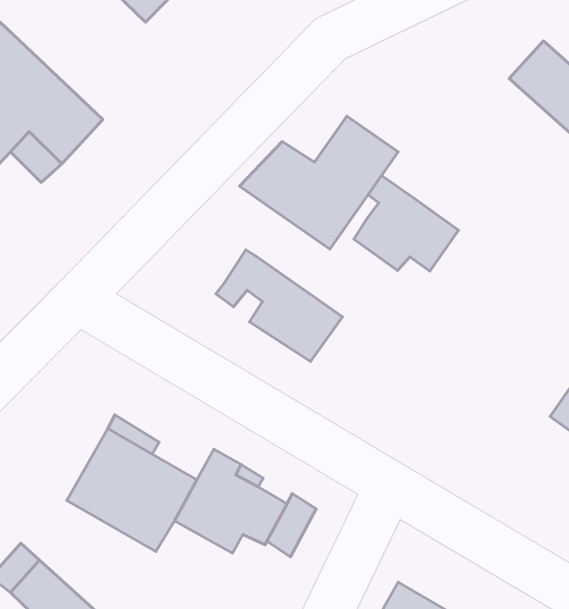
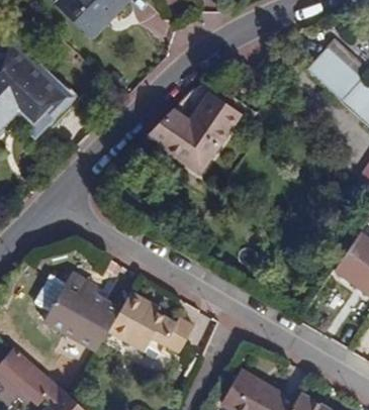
building: [354,175,459,271] -> none
building: [216,250,342,361] -> none

